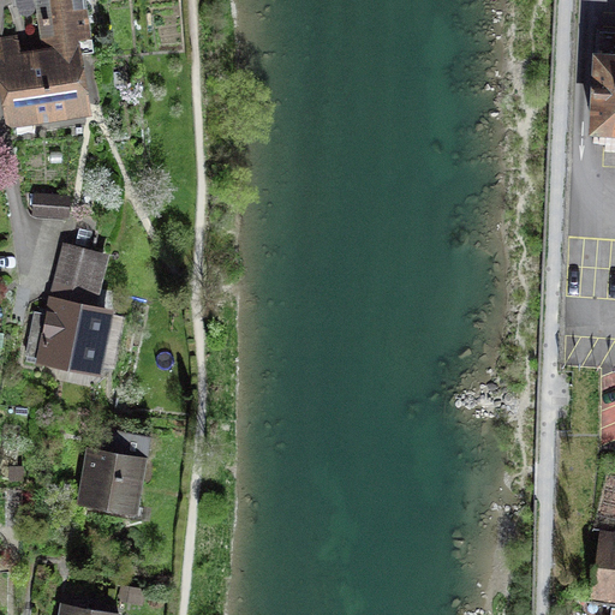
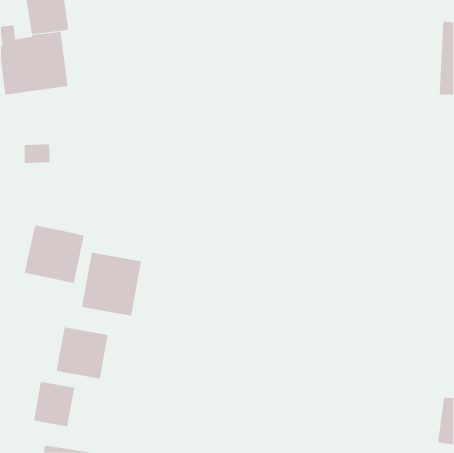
building: [47,244,112,315] -> none
building: none -> [81,252,141,316]
building: none -> [33,381,75,427]

